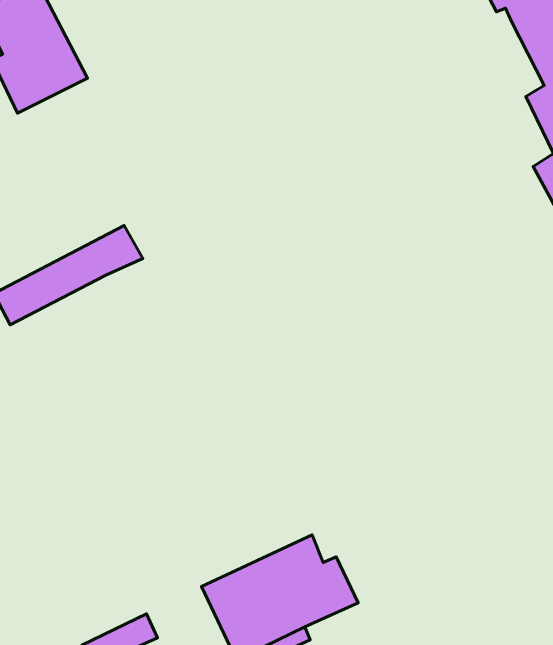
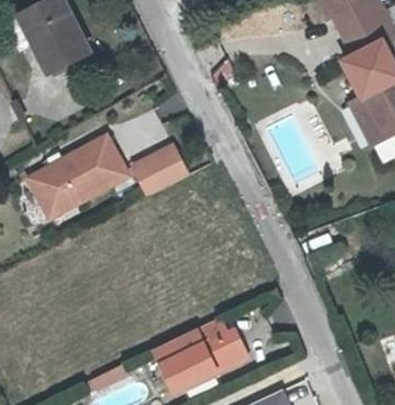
building: none -> [135,147,187,196]
building: none -> [40,157,128,215]

